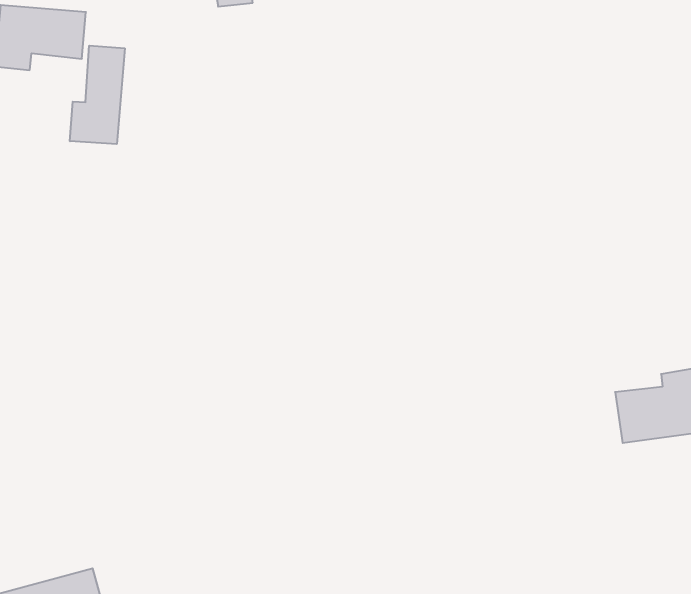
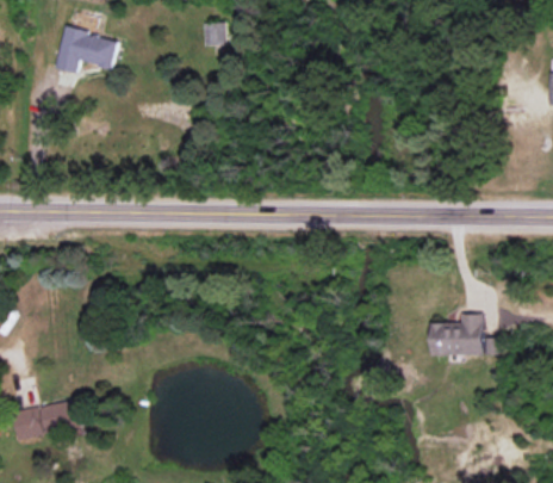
building: [70,46,125,144] -> none

